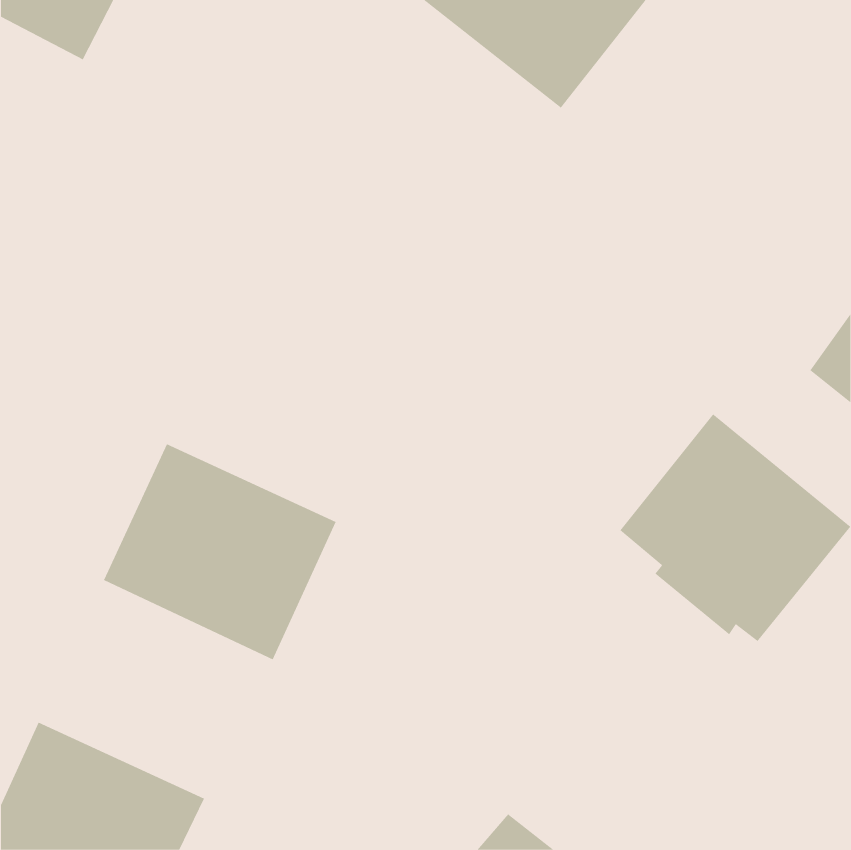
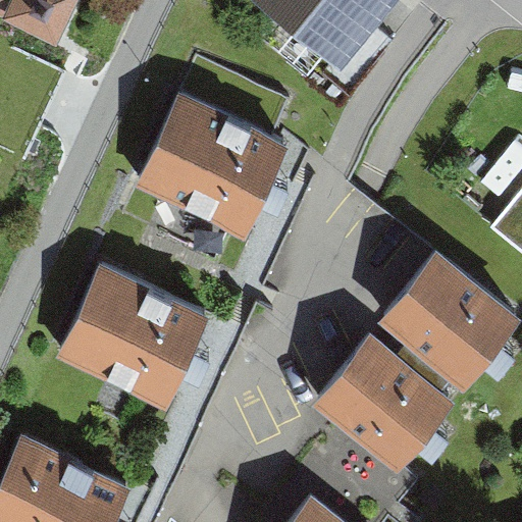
building: none -> [145,99,289,233]
building: none -> [314,336,454,475]

